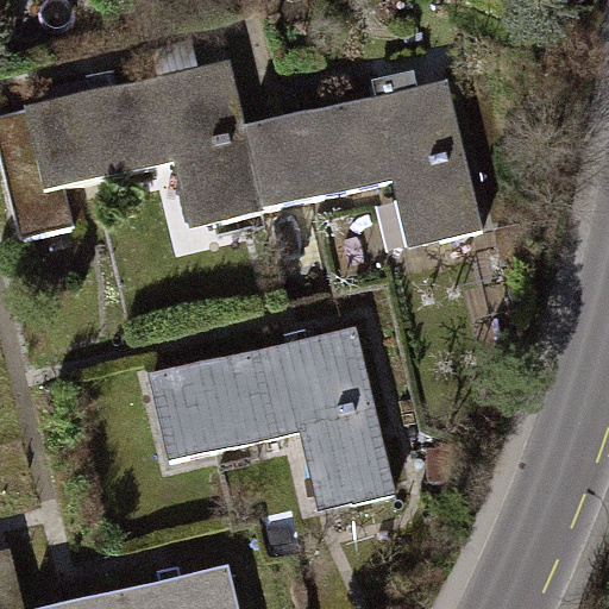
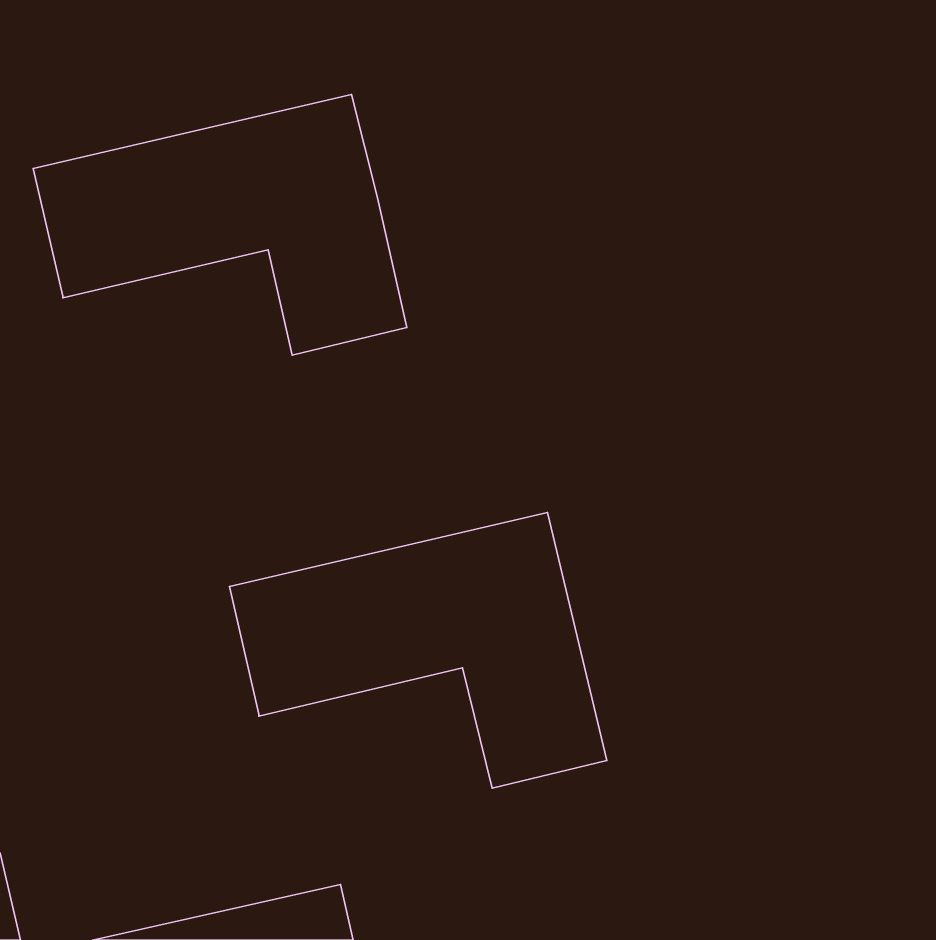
building: [243,81,481,247] -> none

